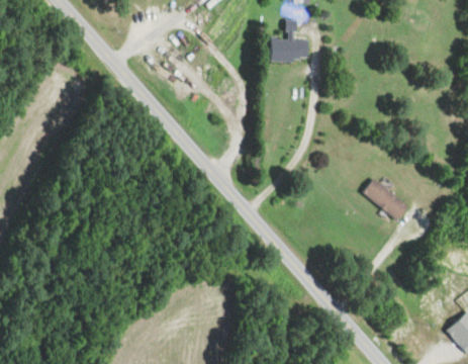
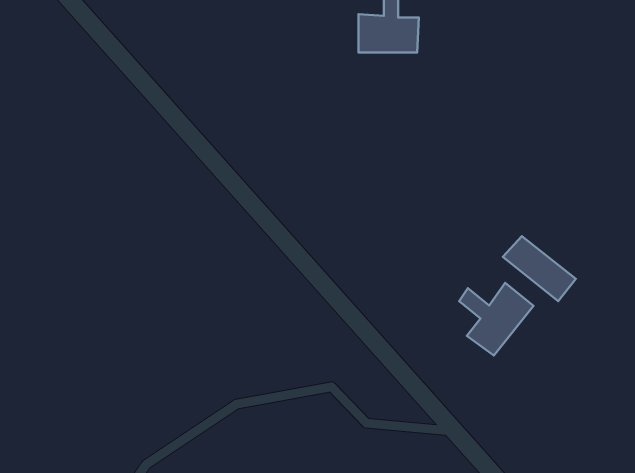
building: none -> [459,283,534,355]

